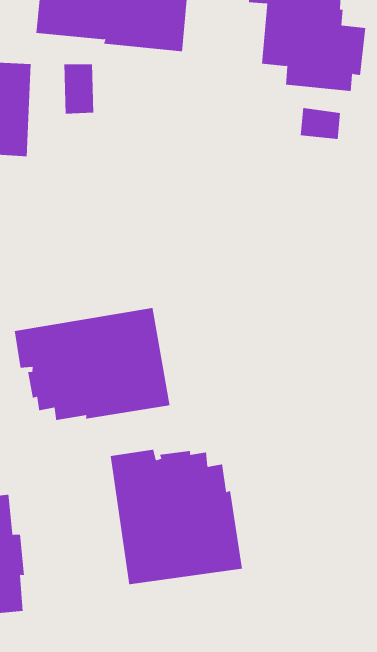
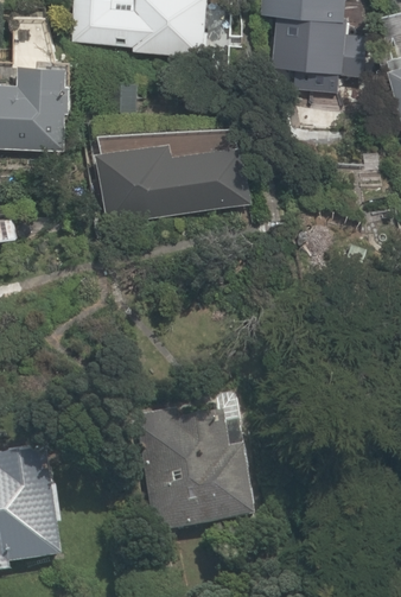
building: none -> [97,135,244,221]
building: [14,307,170,421] -> none

